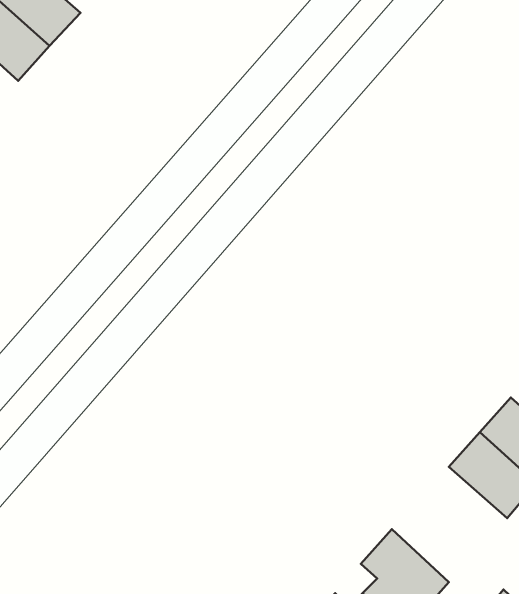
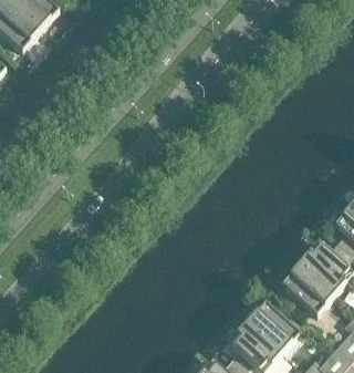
building: none -> [247,302,303,356]

